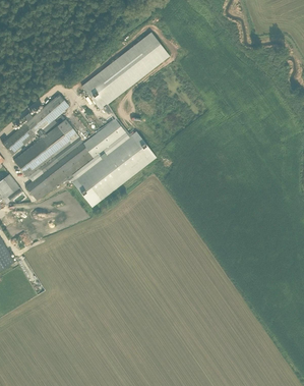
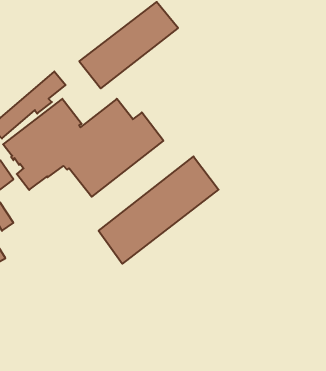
building: none -> [99,156,219,264]

